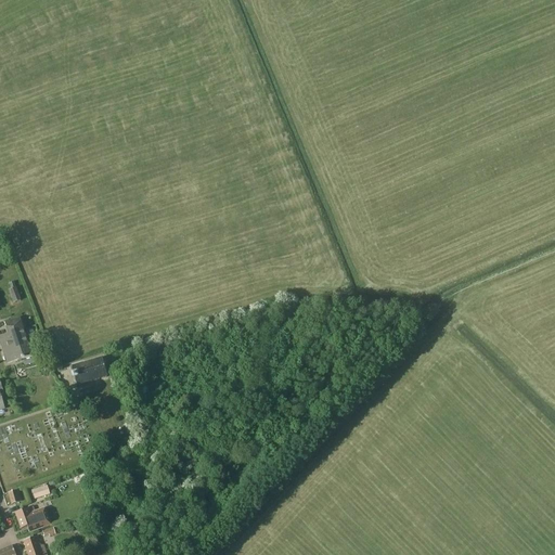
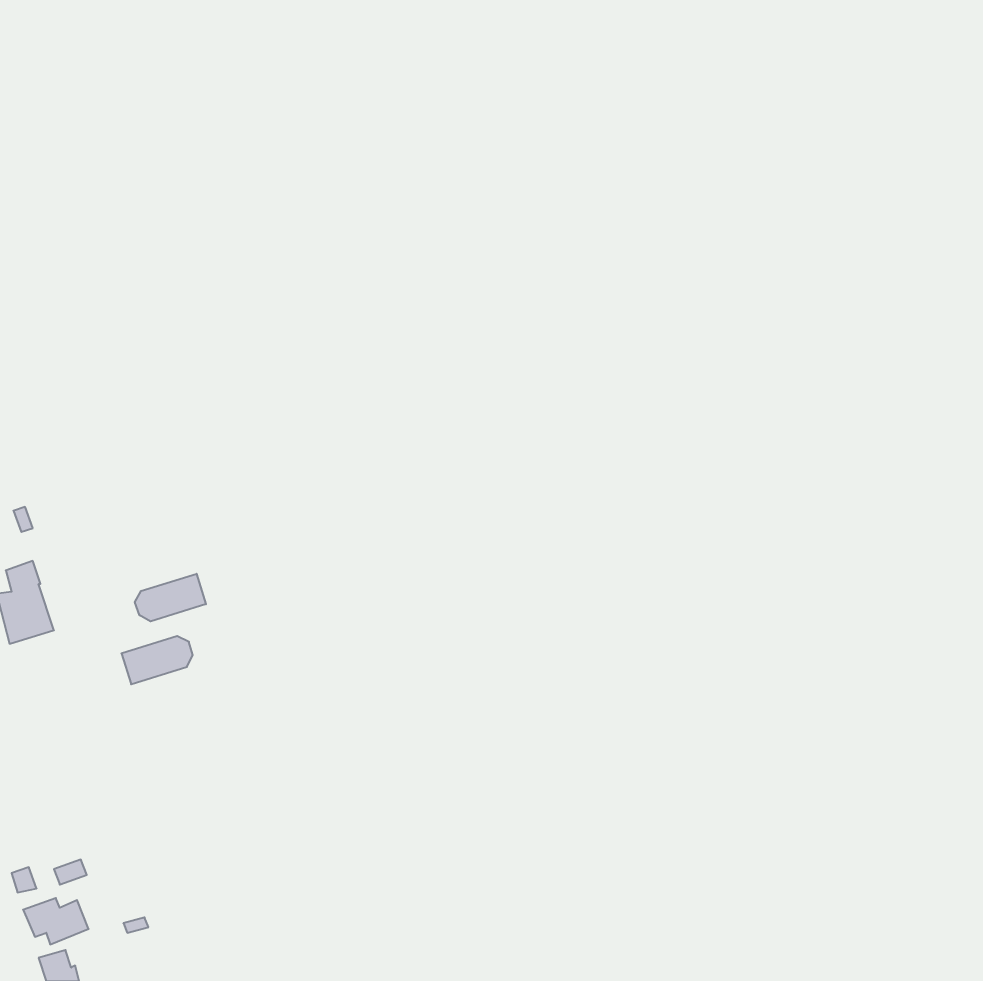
building: none -> [135,574,206,621]

